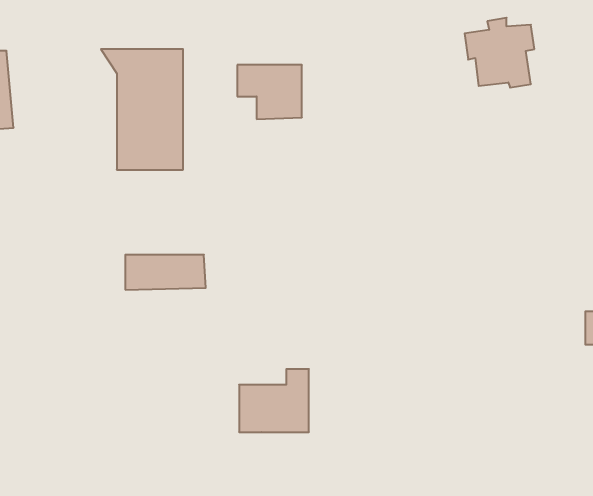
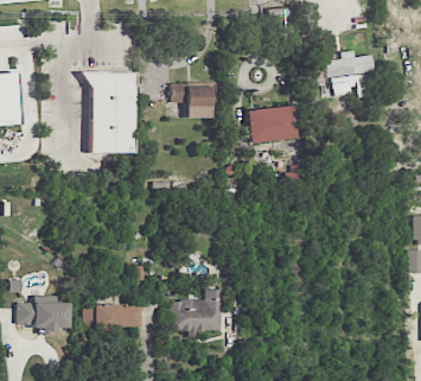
building: none -> [245,104,295,142]
building: [125,255,206,290] -> [83,305,138,329]
building: none -> [17,296,68,330]

